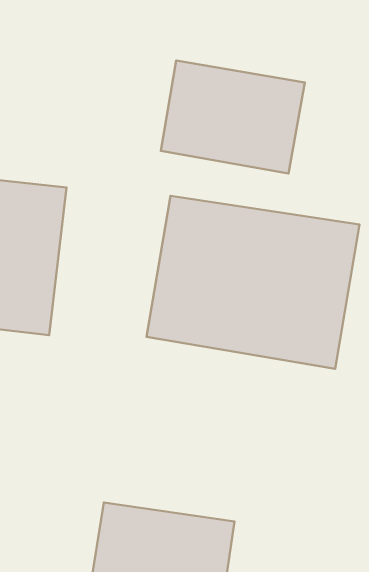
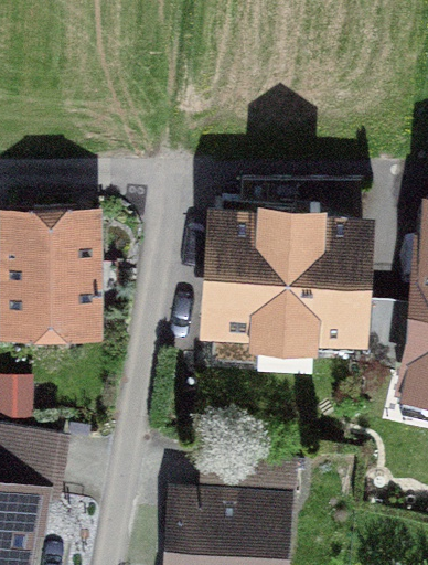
building: [161,61,305,174] -> none

